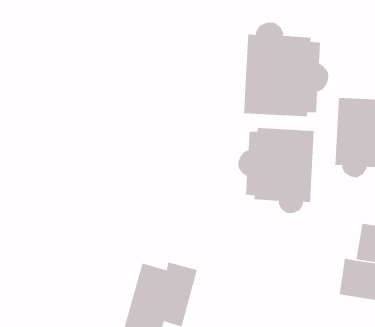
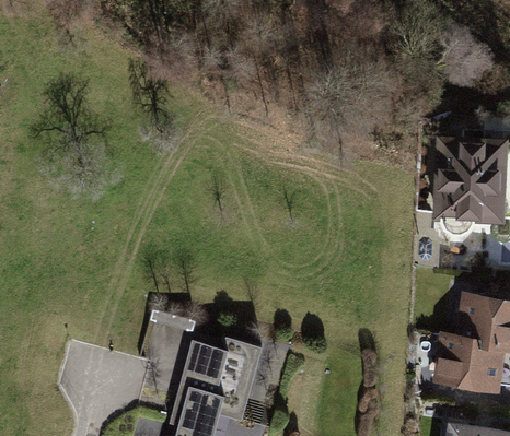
building: [243,22,329,117] -> none
building: [238,127,315,214] -> none

